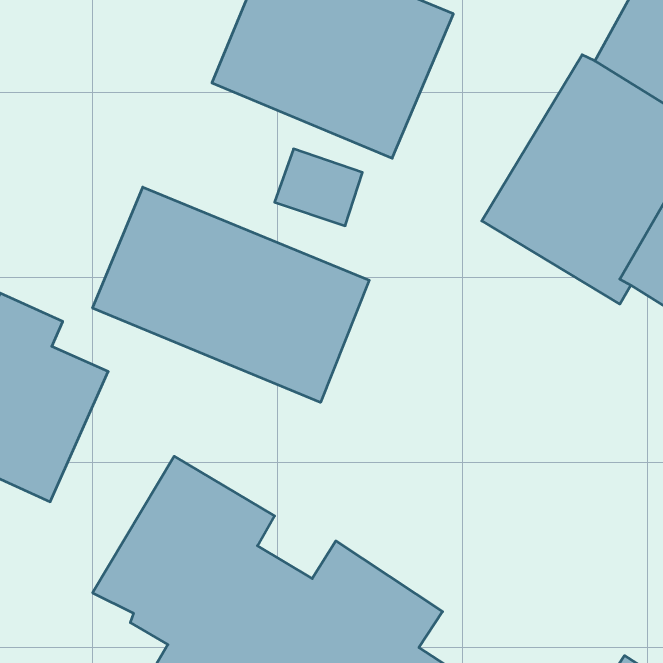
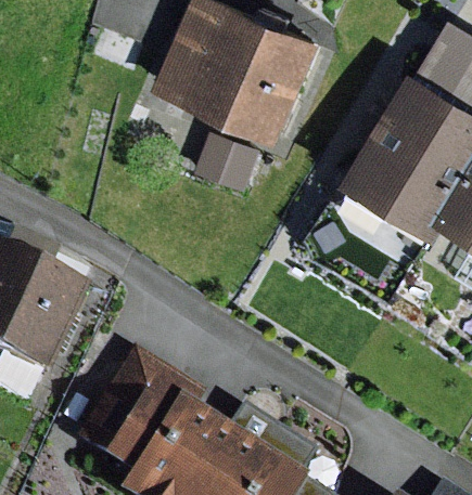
building: [93,187,369,402] -> none

